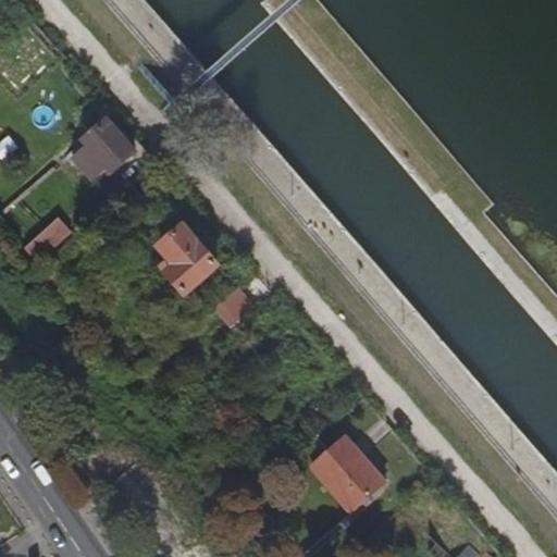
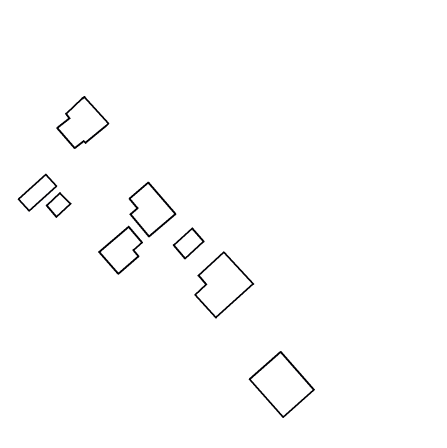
building: none -> [99,227,142,274]
building: none -> [195,252,253,318]

